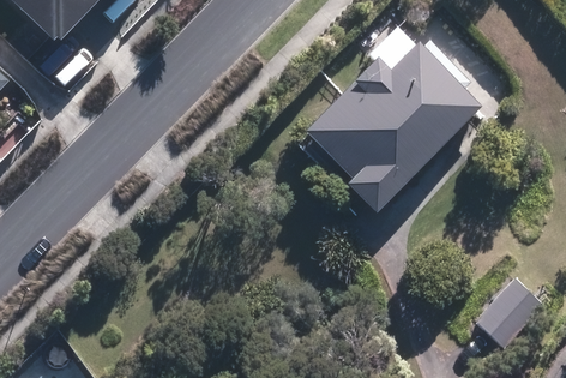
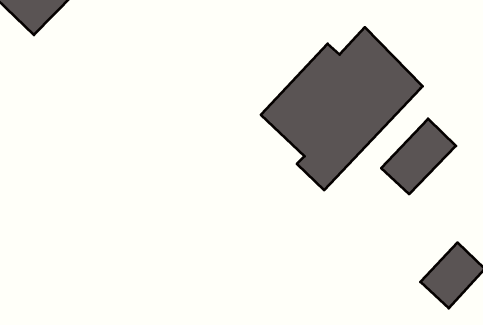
building: none -> [381,119,456,194]

